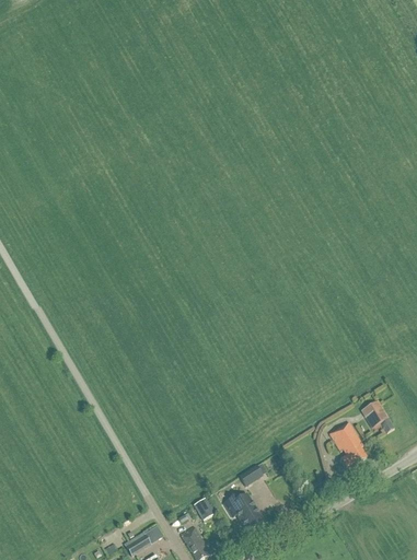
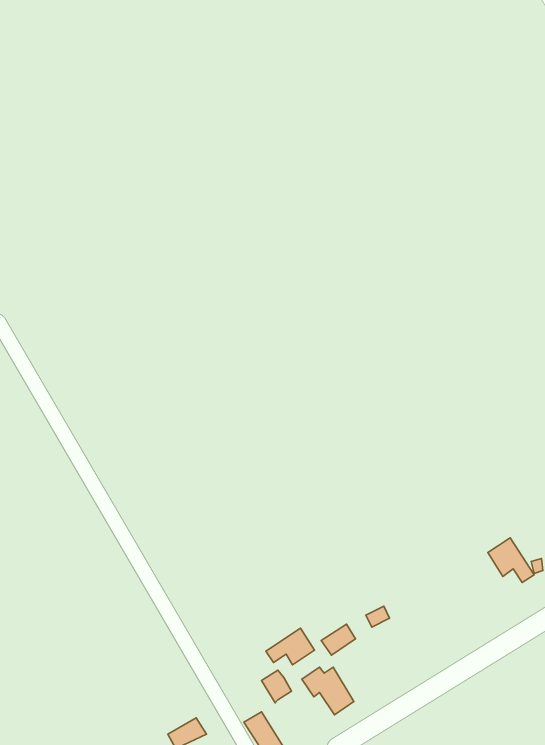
building: [329,422,368,469] -> none
building: none -> [266,628,314,665]

